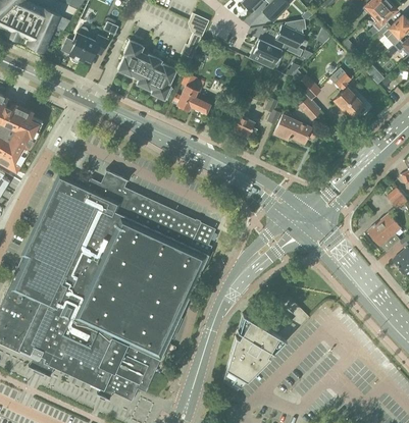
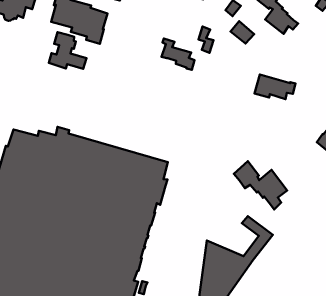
building: [172,73,211,114] -> [49,32,86,69]
building: [274,115,317,144] -> [254,75,295,99]
building: none -> [234,161,287,209]

